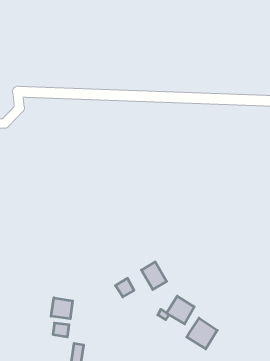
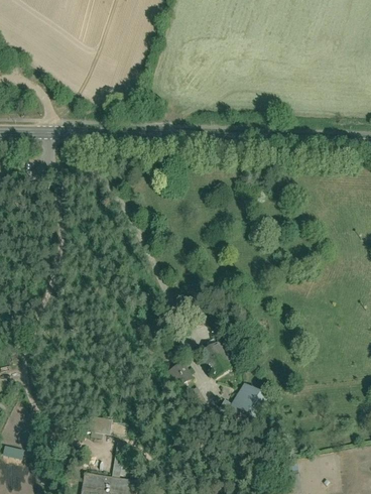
building: [51,298,73,319] -> none
building: [187,318,217,349] -> none

